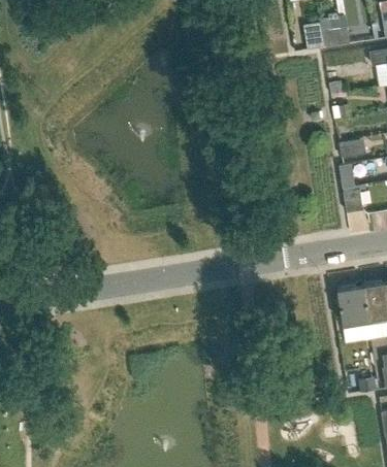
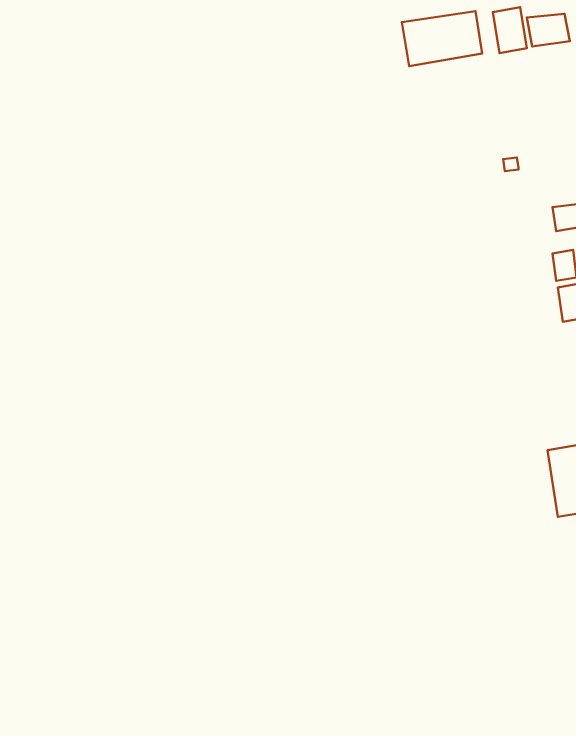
building: none -> [402,11,482,66]

